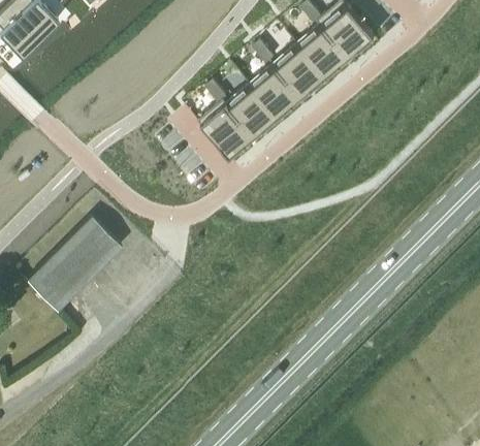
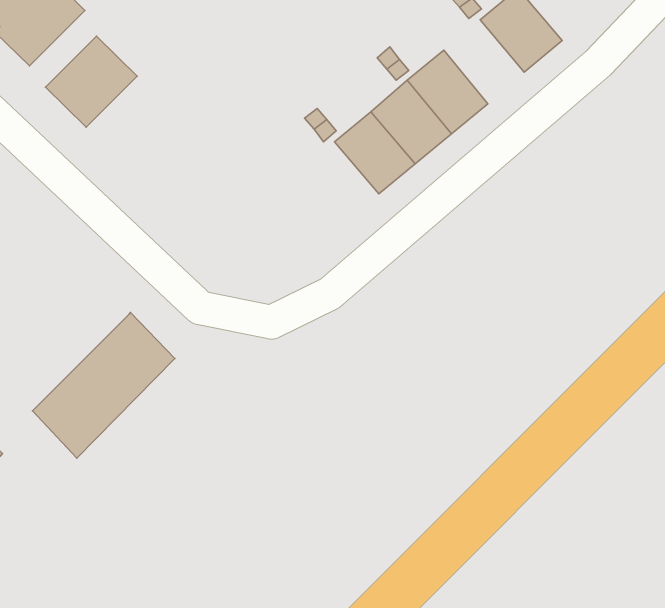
building: [296,24,349,78] -> none
building: none -> [45,36,137,127]
building: [200,103,254,159] -> none

